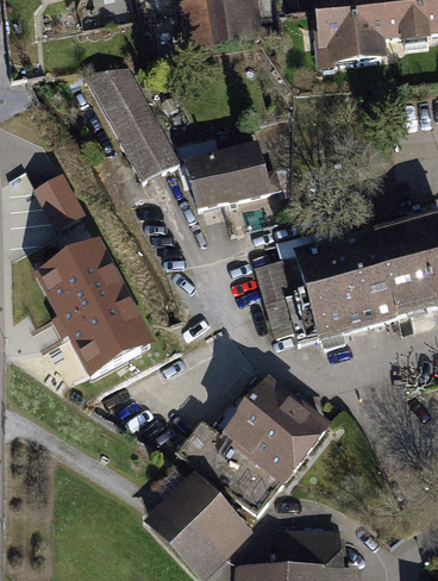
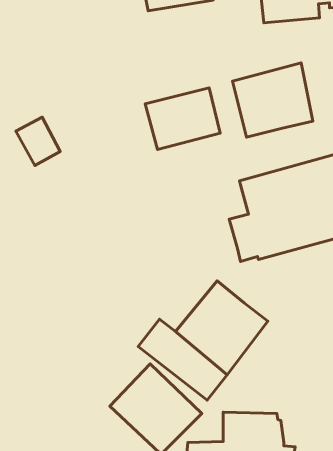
building: [86,63,182,180] -> none
building: none -> [232,63,313,137]
building: [36,243,156,382] -> none
building: [256,256,306,337] -> none

